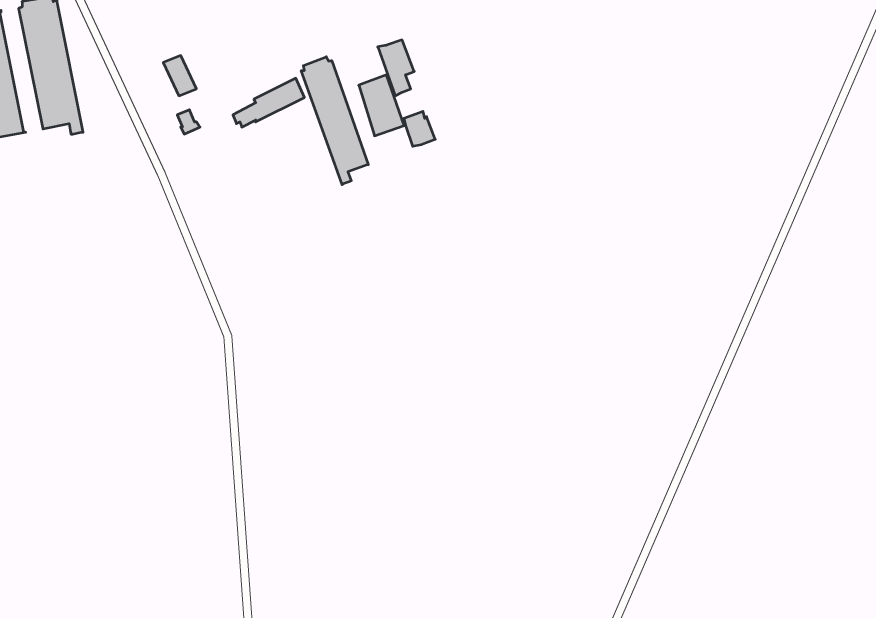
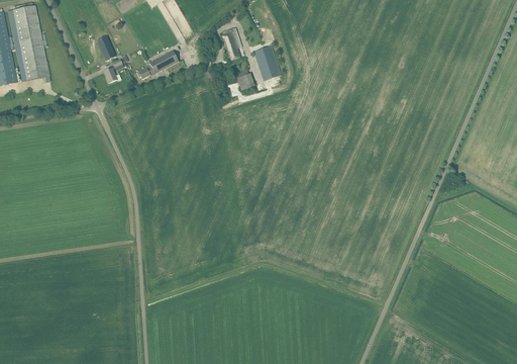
building: [301,57,368,185] -> none
building: [359,75,404,136] -> [253,44,280,80]

